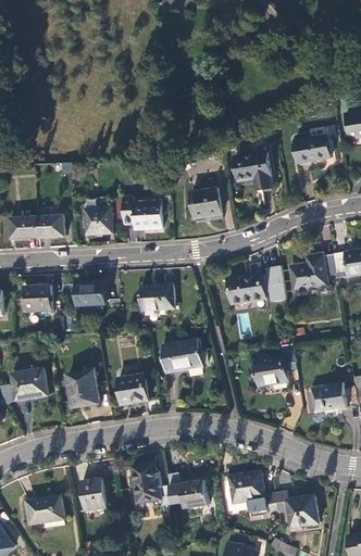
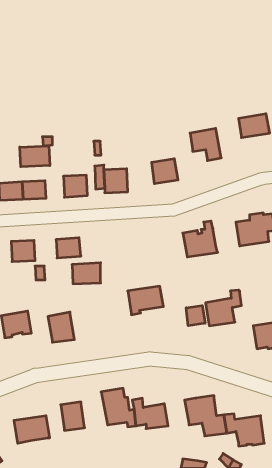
building: none -> [20,146,50,167]
building: [261,265,284,302] -> none
building: [138,285,172,309] -> [72,263,101,284]
building: none -> [186,306,205,326]
building: [116,372,147,405] -> none

